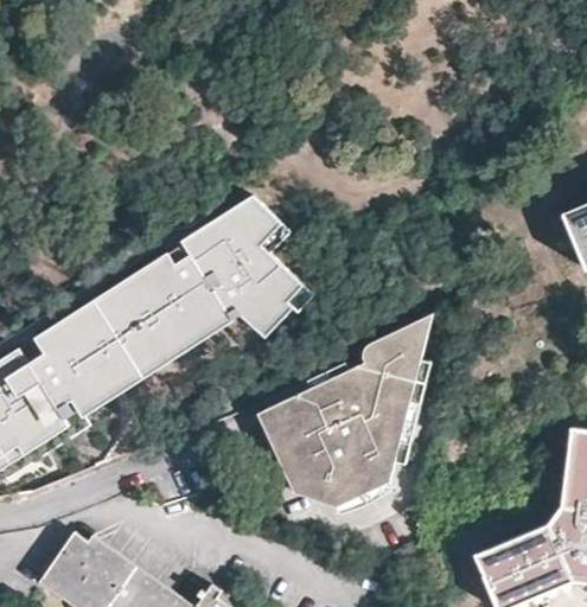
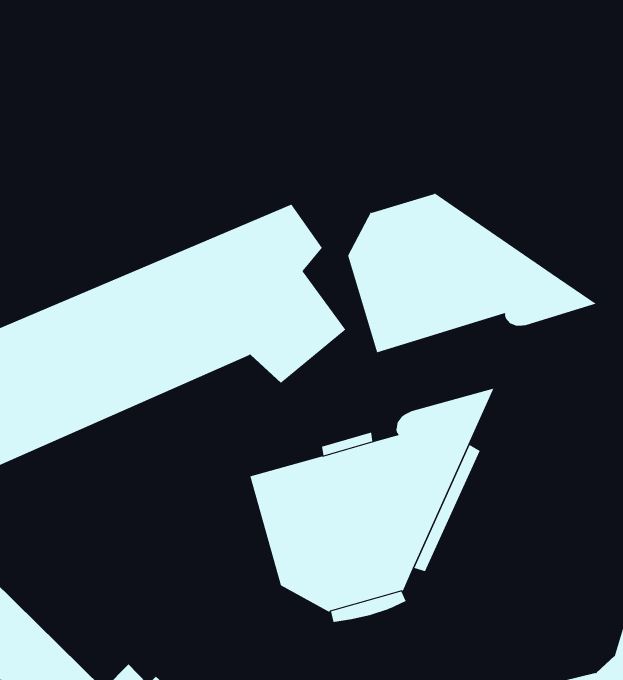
building: none -> [348,193,597,353]

